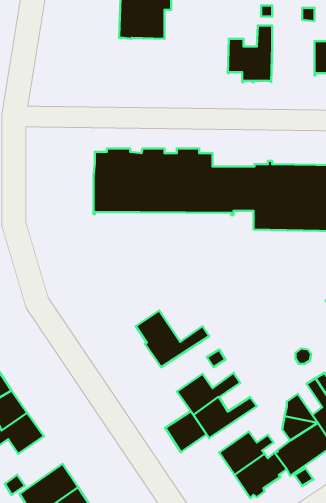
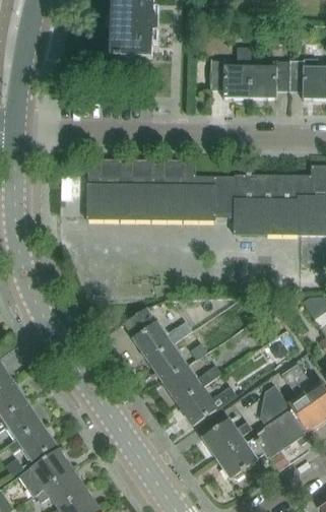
building: none -> [250,61,289,99]
building: [165,411,206,452] -> [149,344,187,382]
building: none -> [7,423,56,460]

